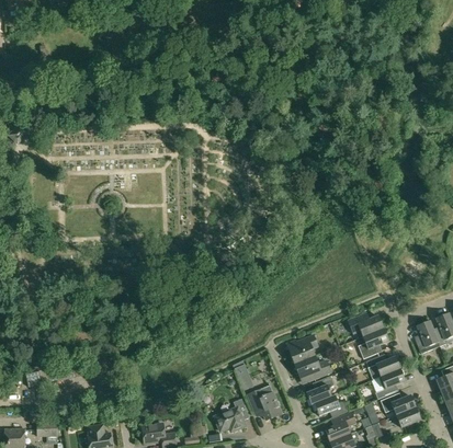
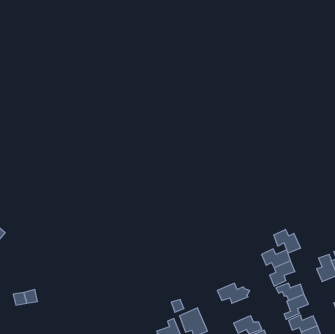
building: none -> [274,229,300,253]
building: [290,334,318,364] -> none
building: [306,375,333,404] -> none

